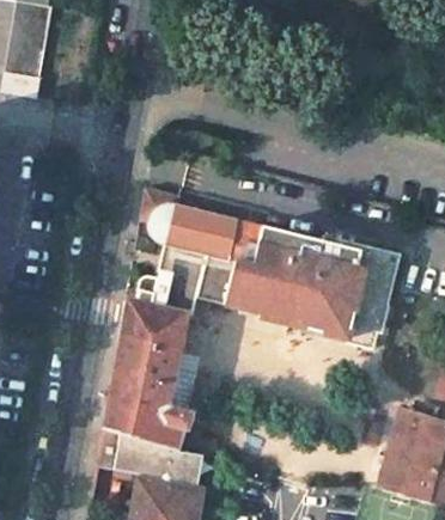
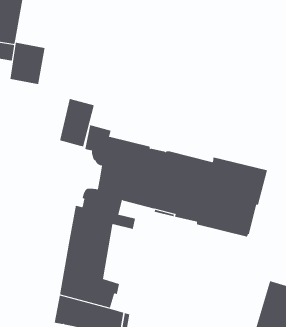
building: none -> [10,42,45,85]
building: none -> [60,98,94,147]

